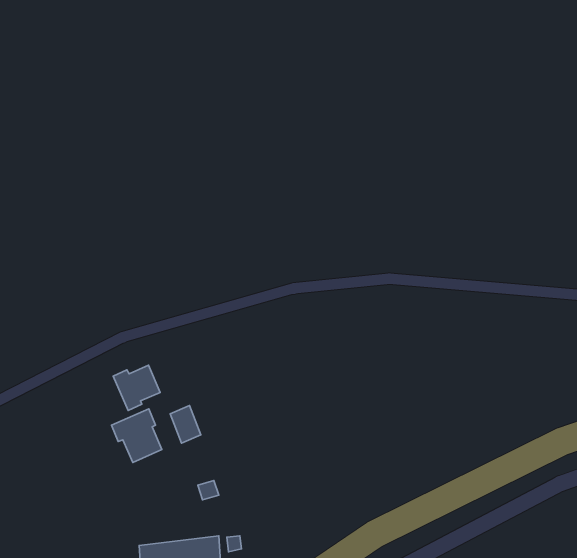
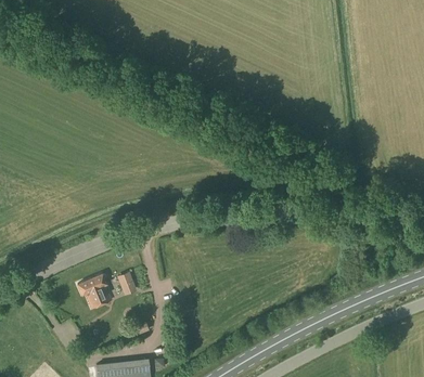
building: [113,365,160,411] -> none

